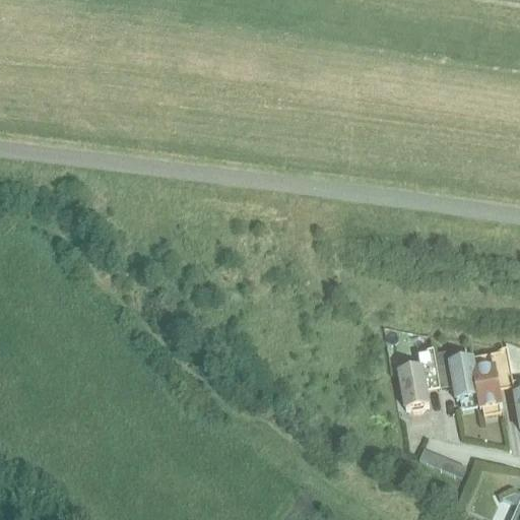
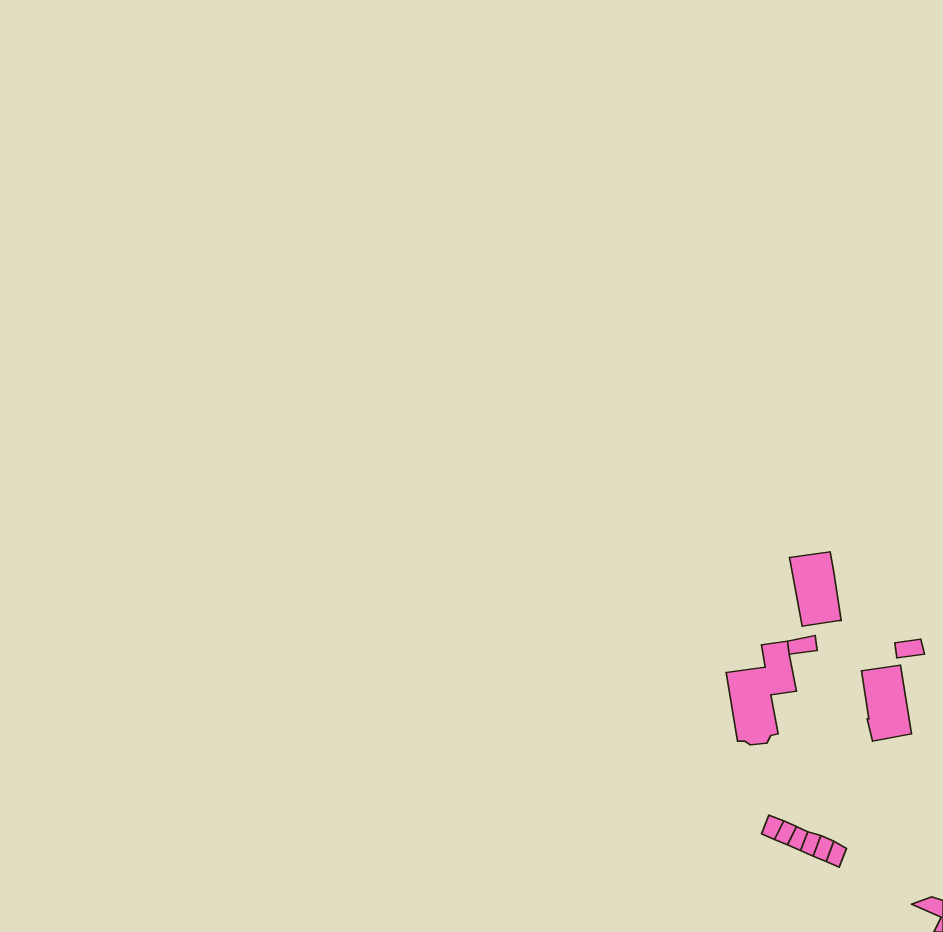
building: [448,356,476,397] -> [789,552,841,626]

